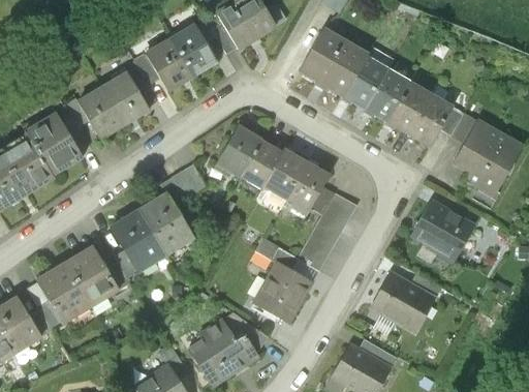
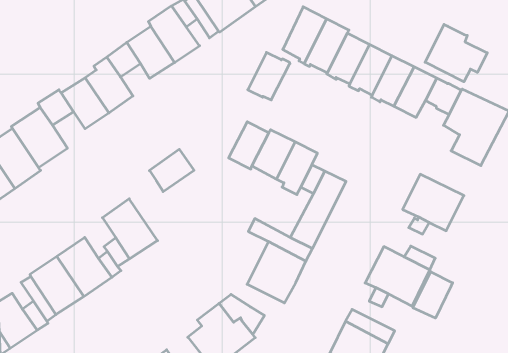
building: none -> [425,24,487,82]
building: [218,127,261,175] -> [248,52,290,100]
building: [139,193,193,253] -> none
building: none -> [413,272,453,318]

